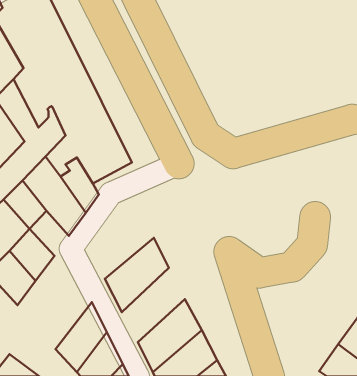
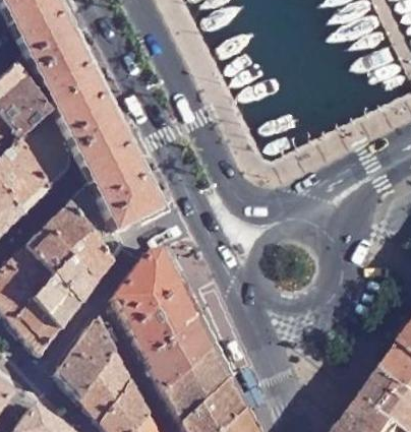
building: none -> [114,247,180,326]
building: none -> [54,257,94,303]
building: none -> [58,315,117,397]
building: none -> [148,315,212,390]

